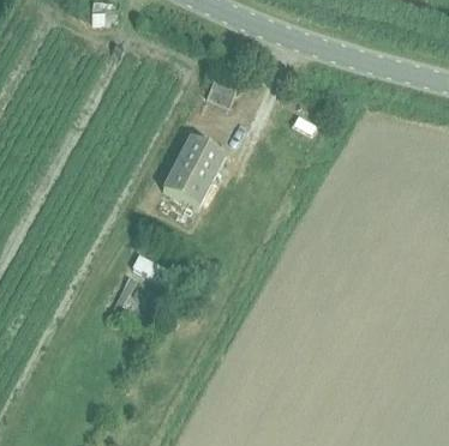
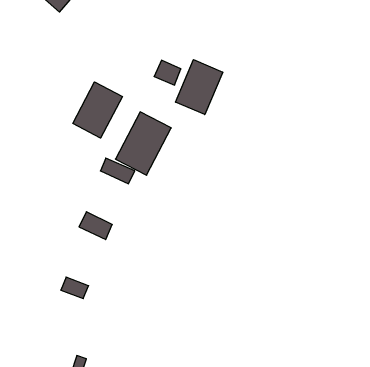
building: none -> [176,60,223,115]
building: none -> [73,82,122,138]

